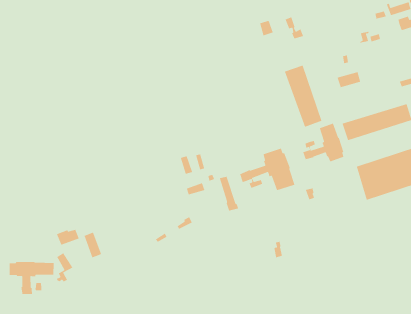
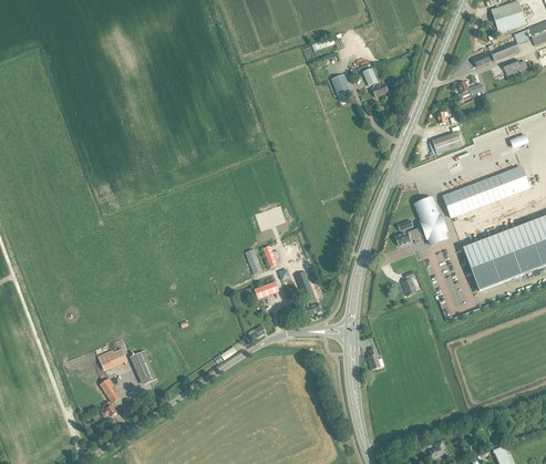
building: [284,64,323,128] -> none
building: [239,148,295,191] -> none
building: [9,261,55,295] -> none

